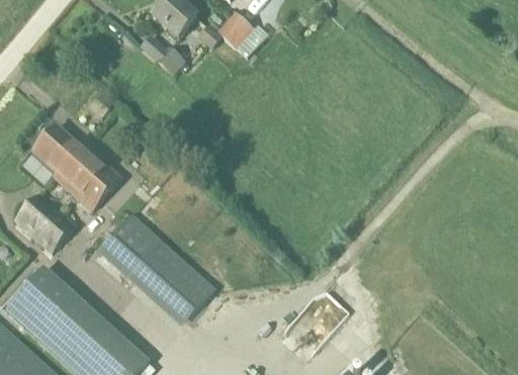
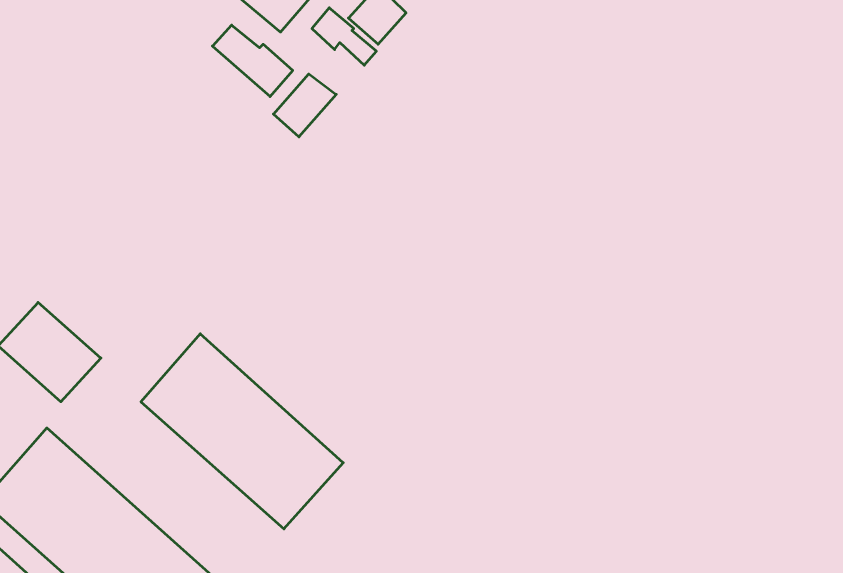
building: none -> [273,74,336,137]
building: [32,125,120,209] -> none

